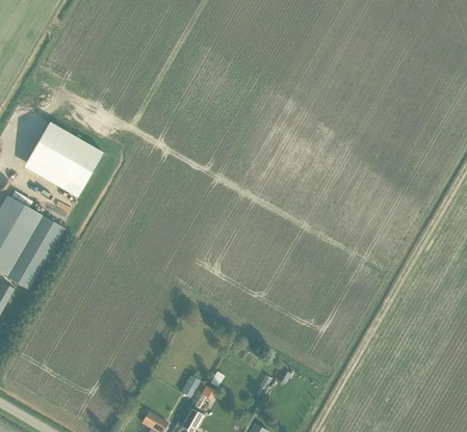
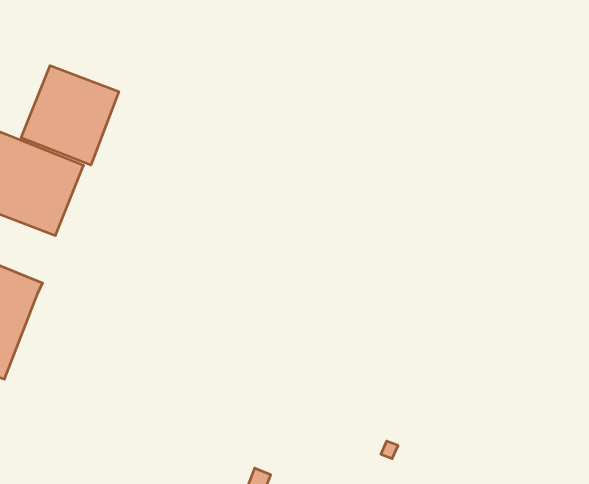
building: none -> [21,66,119,165]

